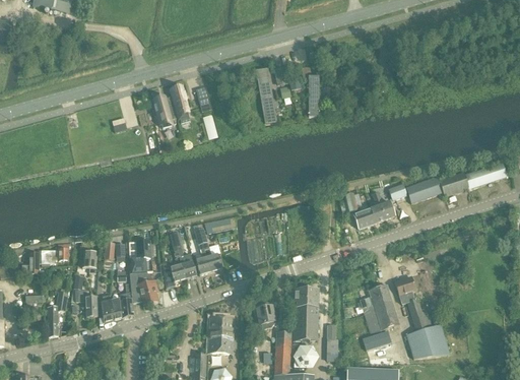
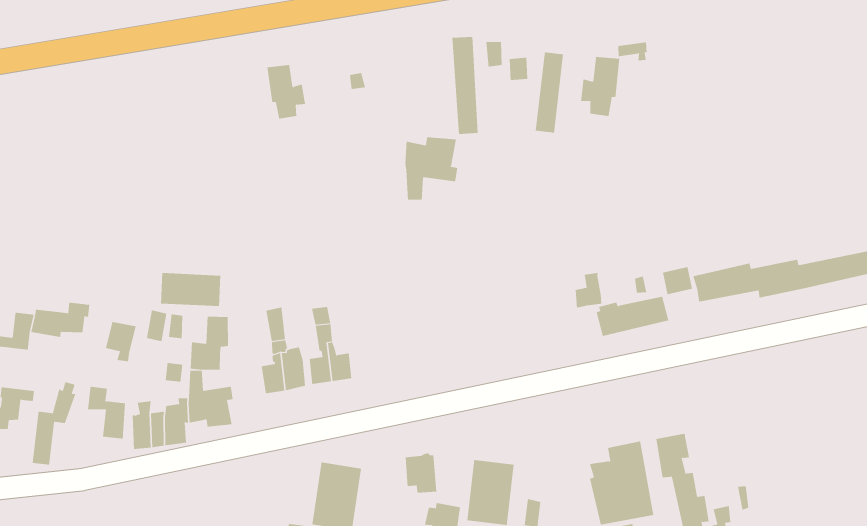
building: none -> [580,56,620,117]
building: [167,85,189,118] -> none
building: none -> [405,136,458,201]
building: none -> [160,272,221,307]
building: [295,288,318,305] -> none

